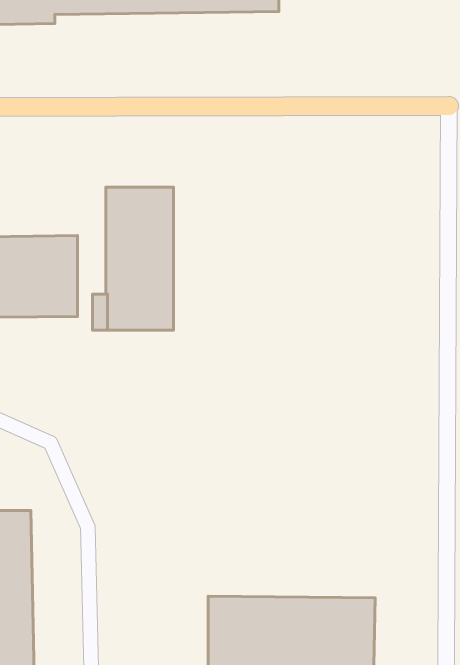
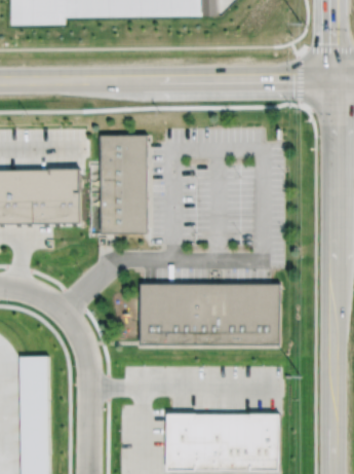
building: none -> [140,283,279,348]

